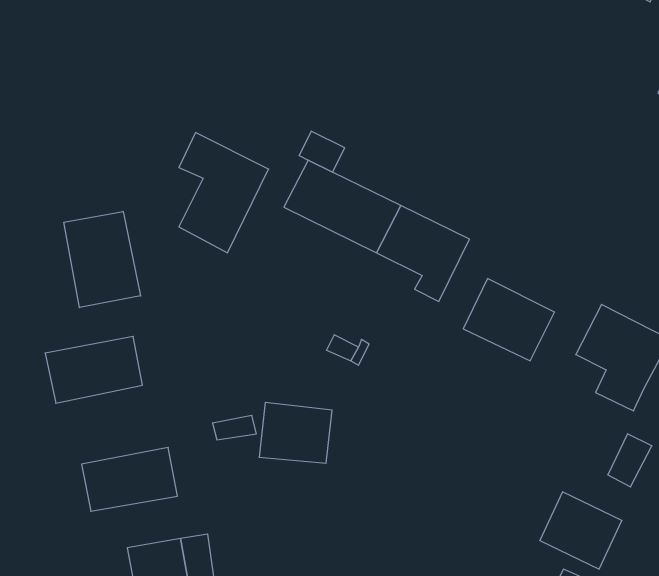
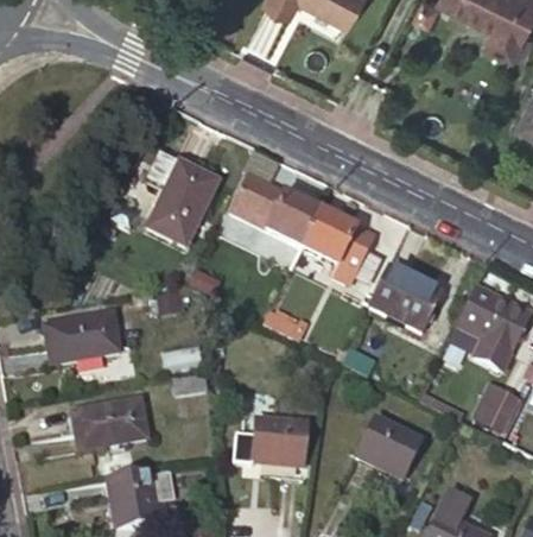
building: [64,211,141,308] -> none
building: [259,402,332,463] -> [250,419,307,467]
building: [540,492,622,569] -> [356,418,420,479]

